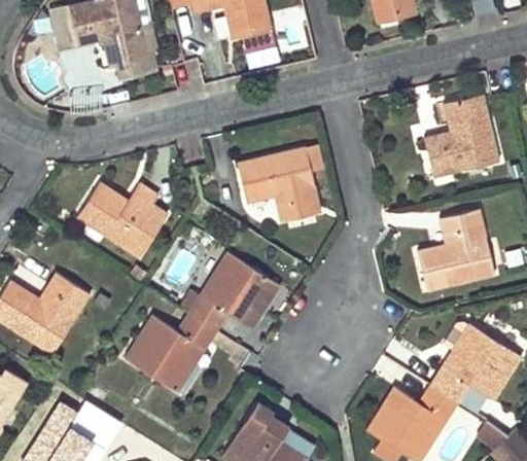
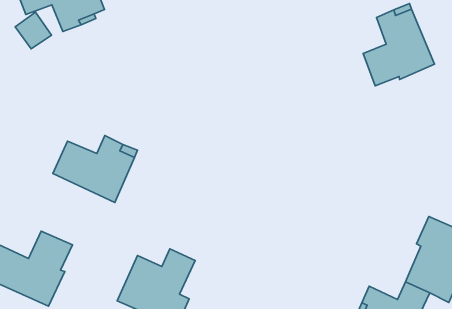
building: [238,149,322,221] -> none
building: [417,210,494,288] -> none
building: [189,252,278,330] -> none

